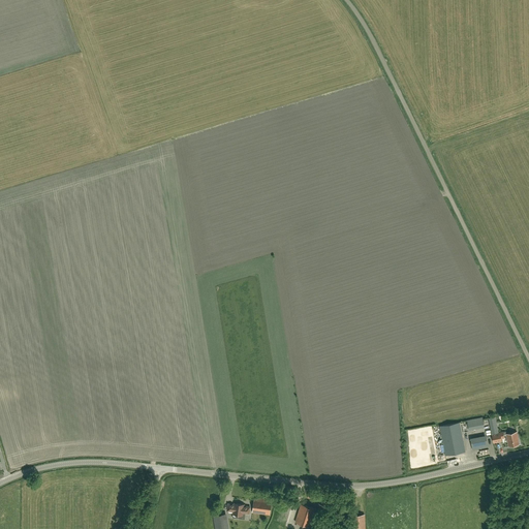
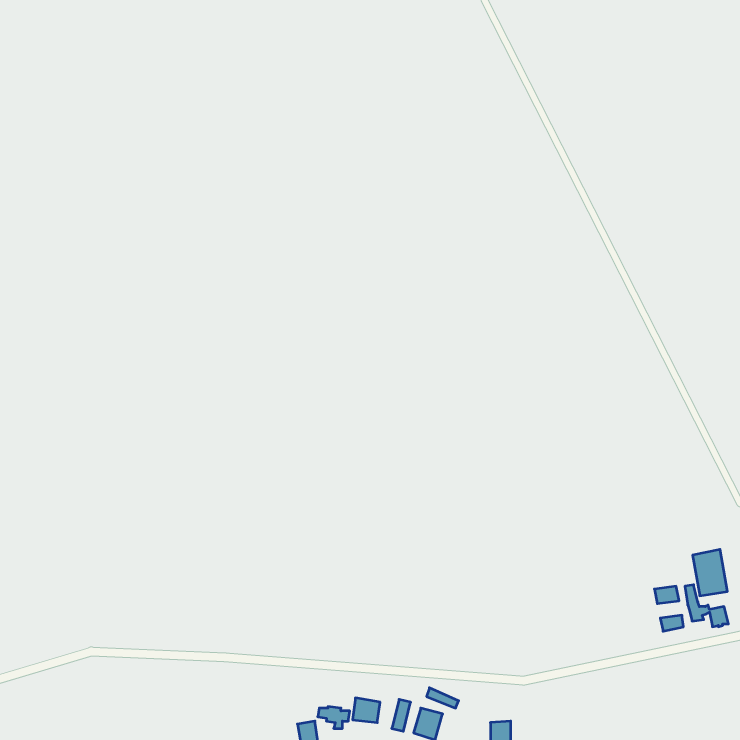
building: [439,423,464,456] -> [693,549,727,596]

